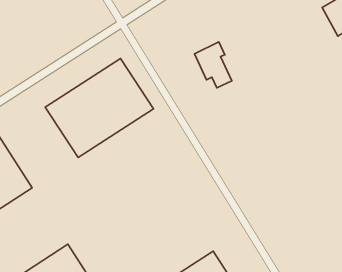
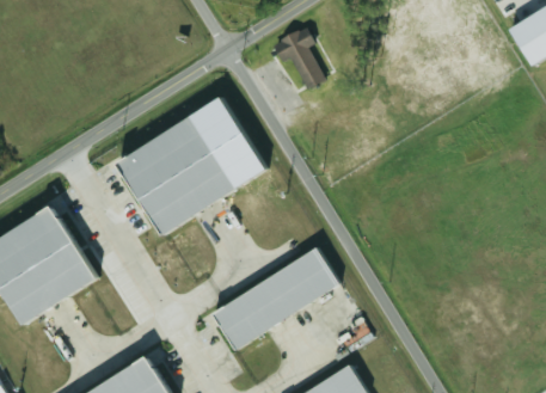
building: [194,42,232,88] -> [268,26,319,90]
building: none -> [214,246,339,349]

